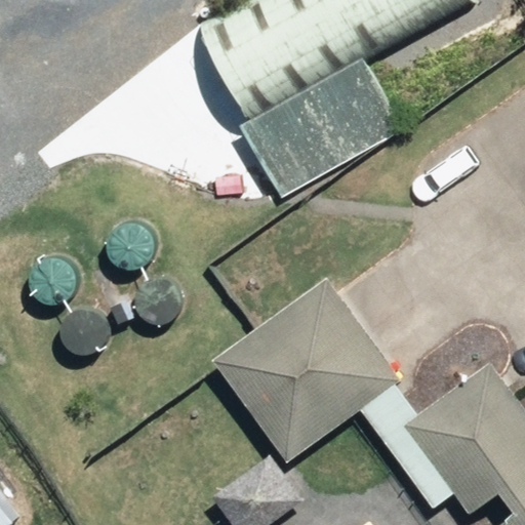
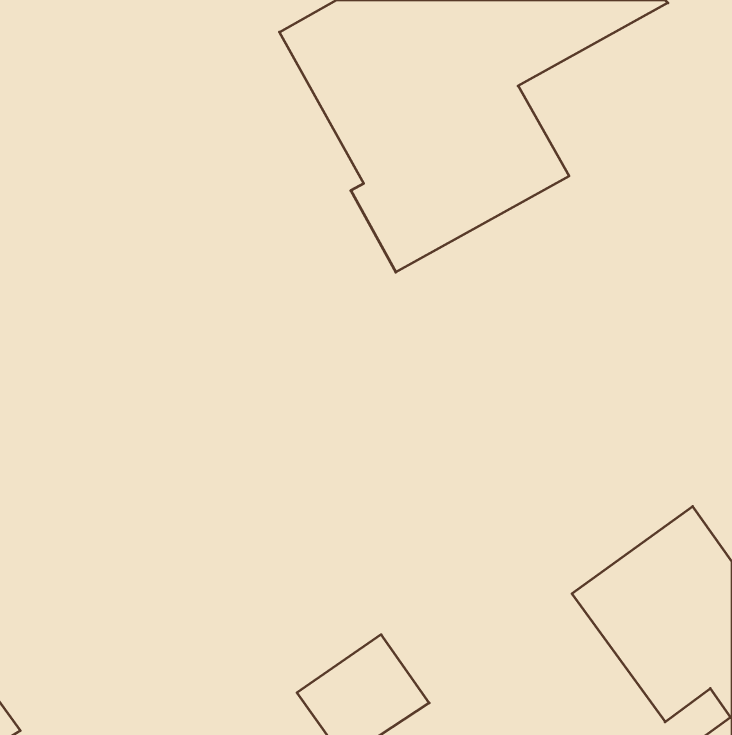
building: [212,278,401,463] -> none

